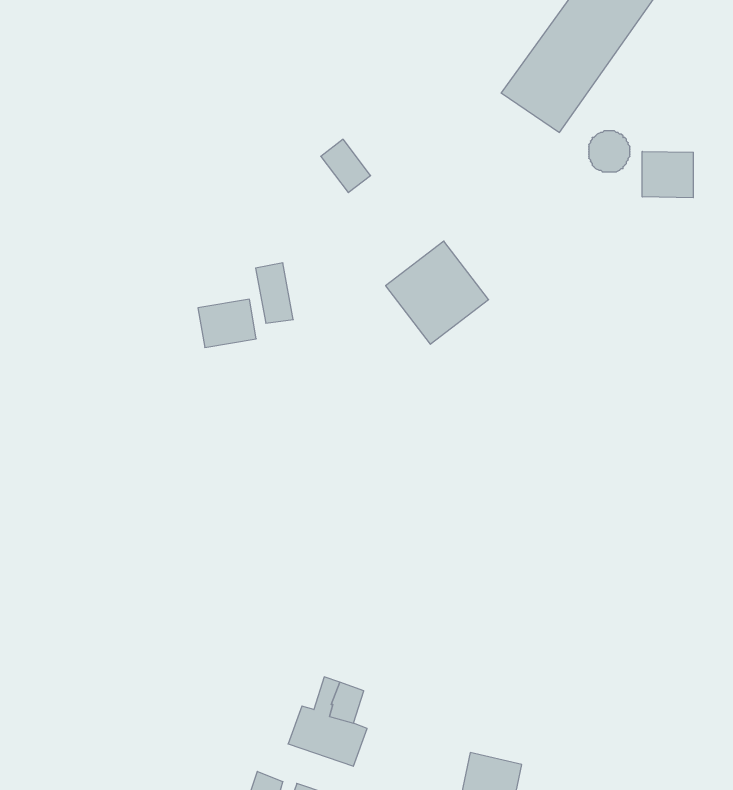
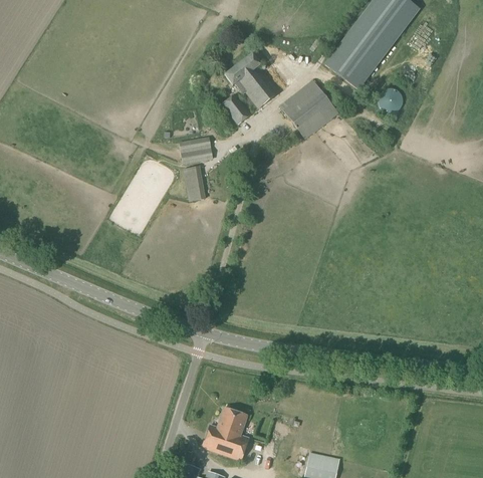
building: none -> [224,46,279,108]
building: [642,151,693,198] -> none
building: [386,241,489,344] -> [278,79,338,140]
building: [198,299,256,347] -> [178,137,212,165]

